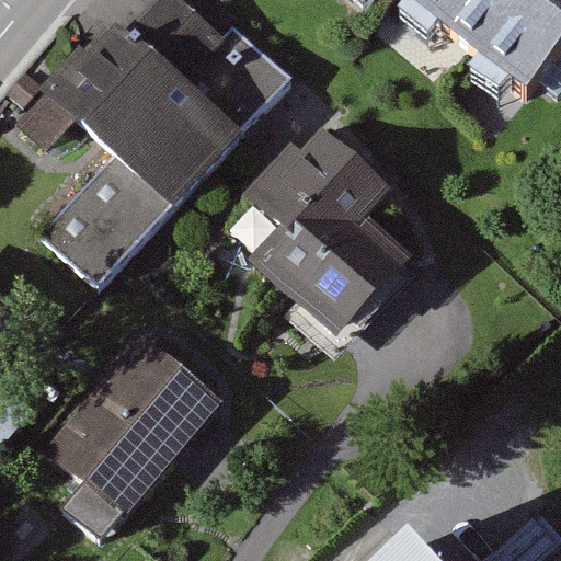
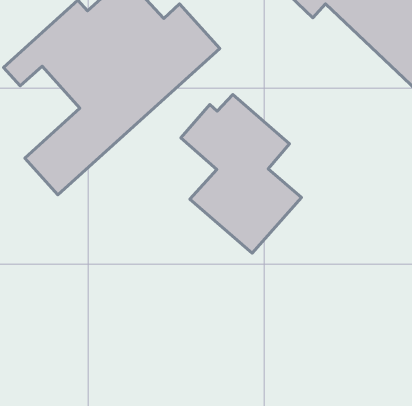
building: [58,348,214,508] -> none

